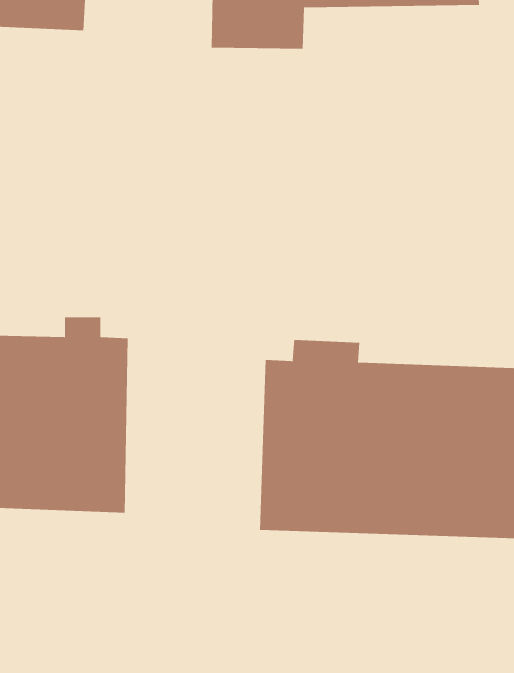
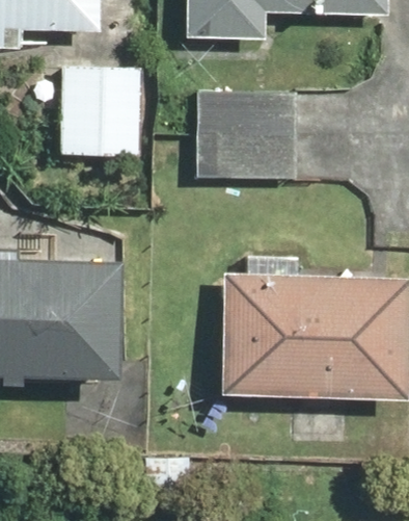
building: none -> [54,56,145,159]
building: none -> [190,86,301,187]

